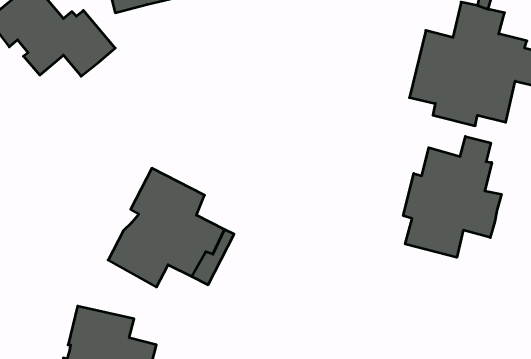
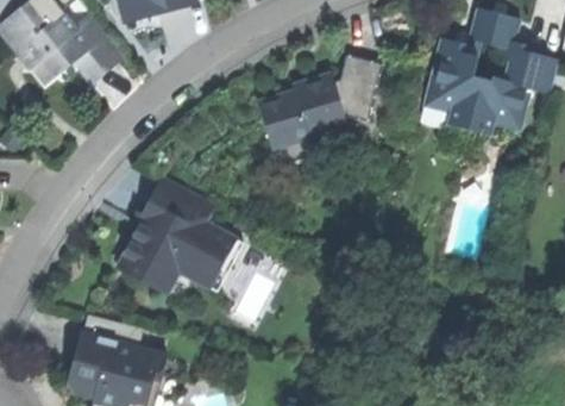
building: none -> [259,56,381,160]
building: [403,136,501,257] -> none

